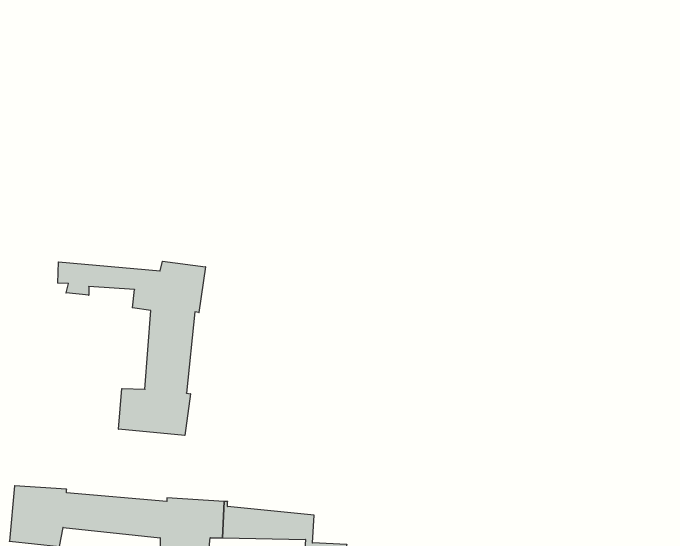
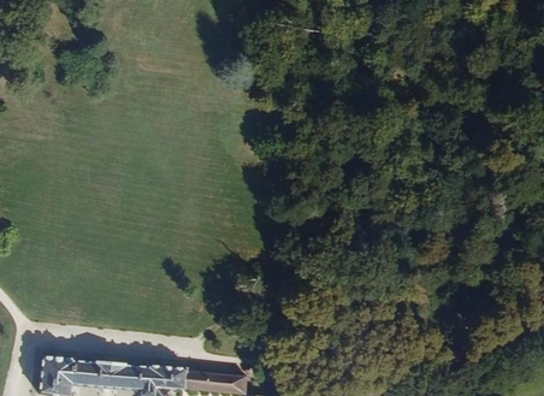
building: [58,261,205,435] -> none

